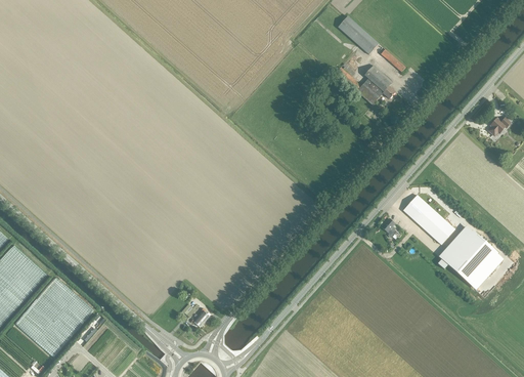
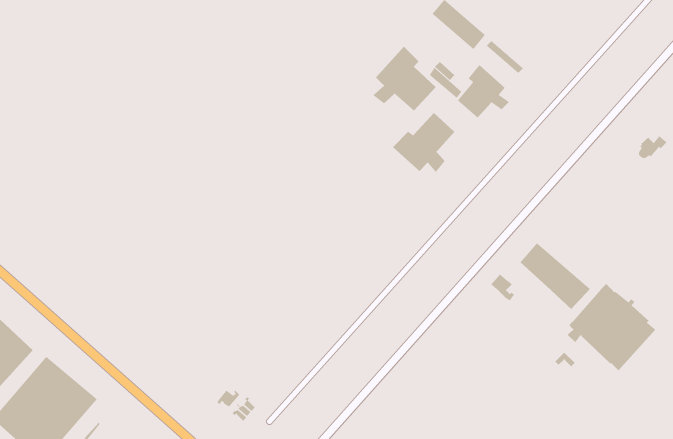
building: none -> [372,46,436,112]
building: none -> [392,112,455,173]

